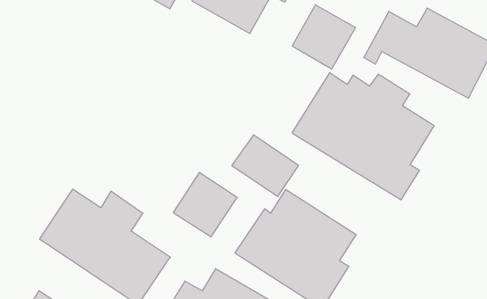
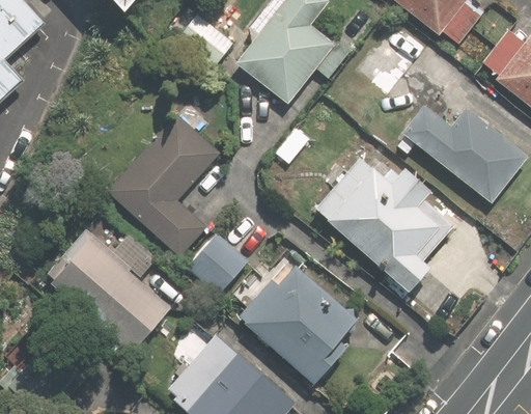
building: [292,5,356,69] -> none
building: none -> [107,114,222,259]
building: [232,135,298,196] -> none

